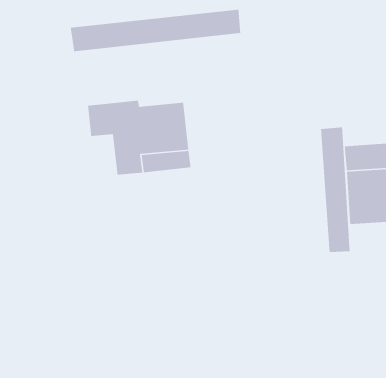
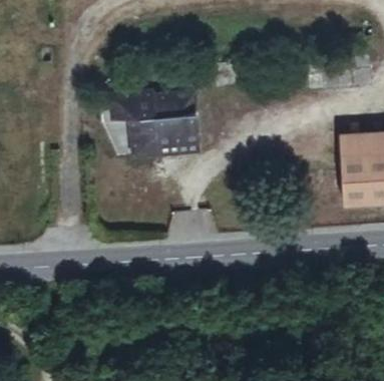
building: [70,9,241,52] -> none
building: [320,126,351,253] -> none

